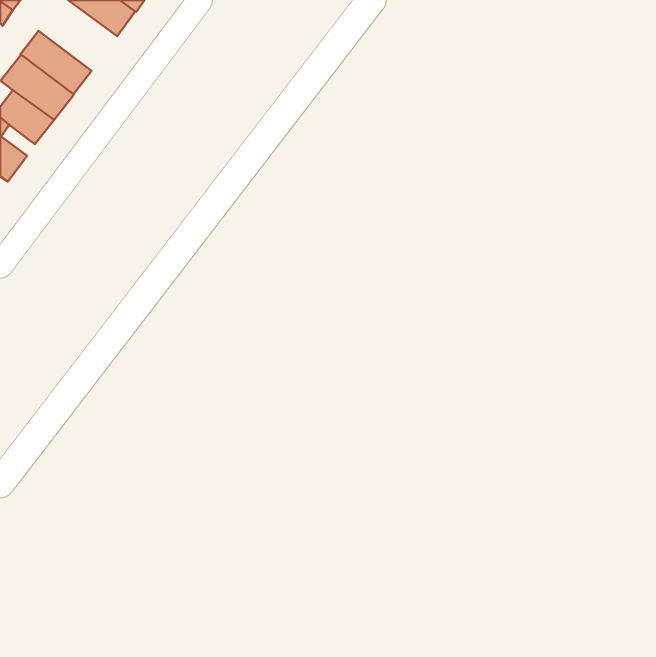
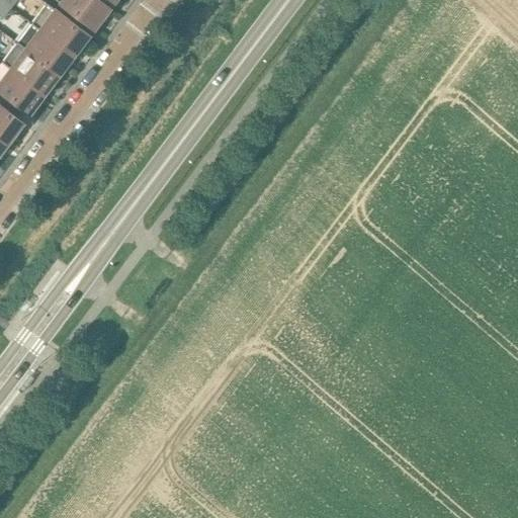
building: none -> [32,5,89,57]

